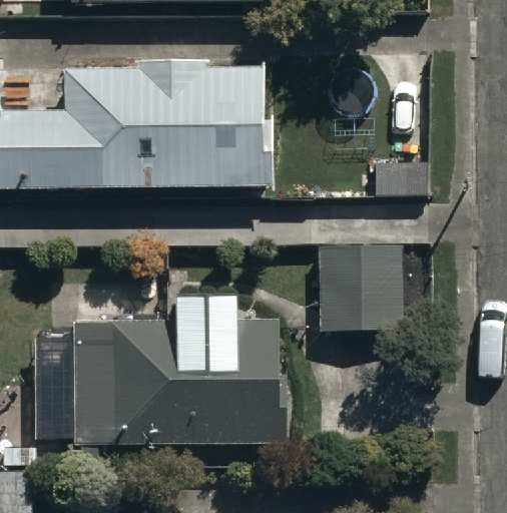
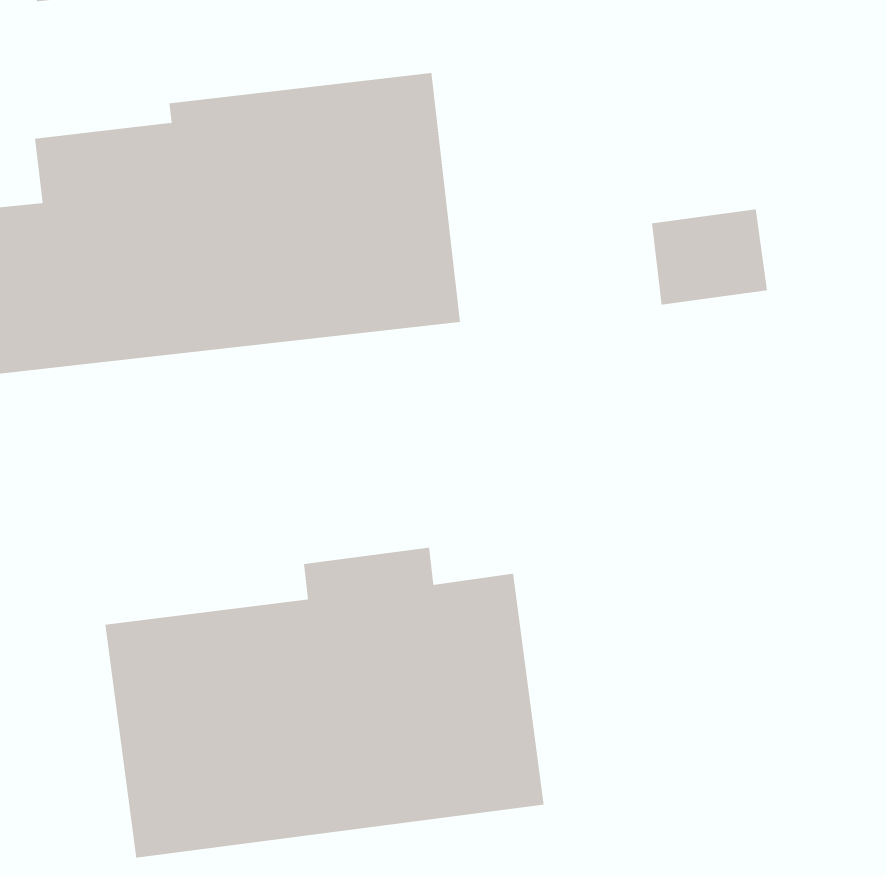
building: [314,242,406,329] -> none

